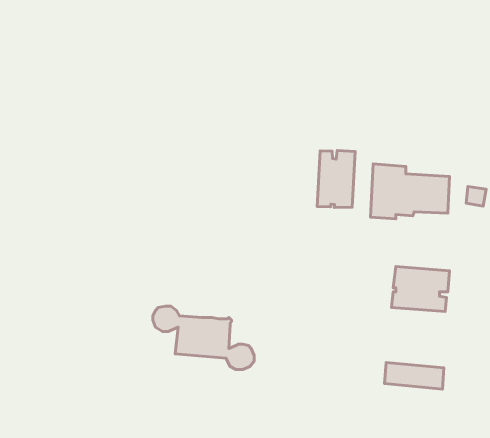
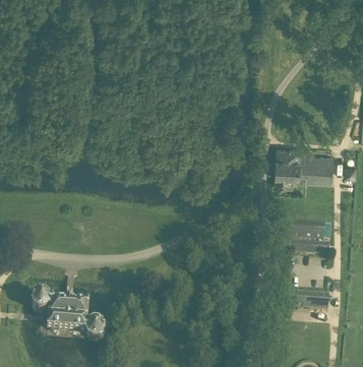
building: [317,150,355,207] -> none
building: [153,306,254,369] -> [32,292,105,338]

